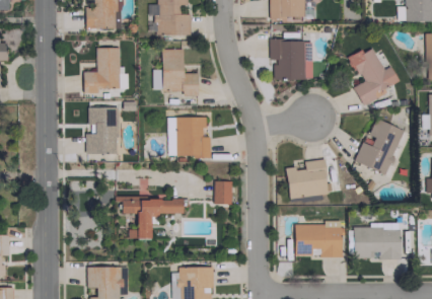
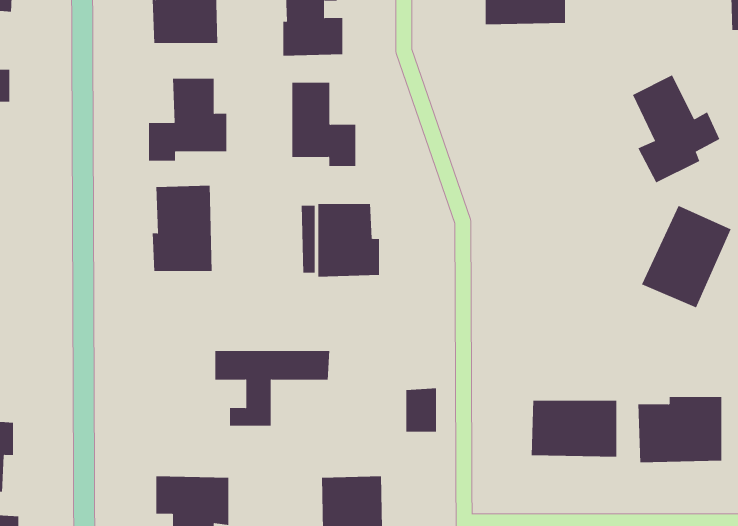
building: [270,41,312,79] -> none
building: [285,159,328,199] -> none
building: [214,180,231,205] -> [406,388,437,432]

